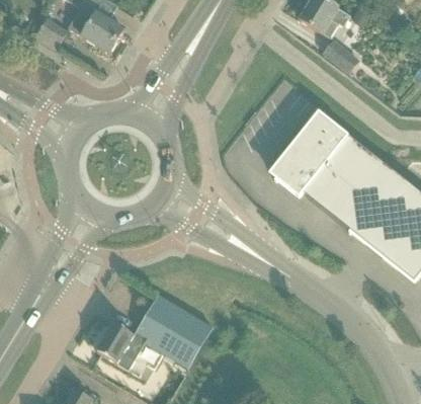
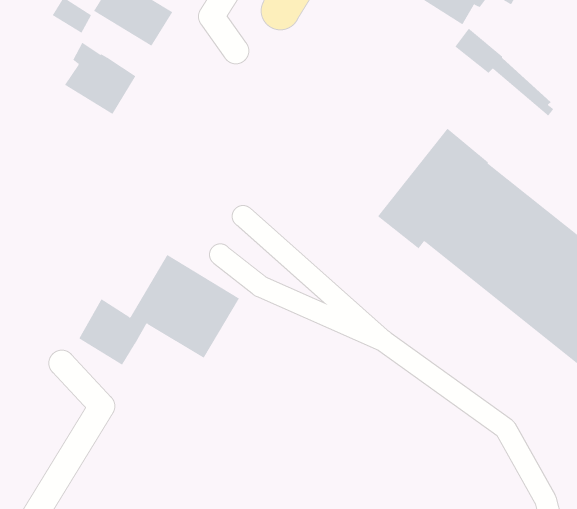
building: none -> [64,42,136,115]
building: [98,291,213,370] -> [78,254,240,365]

